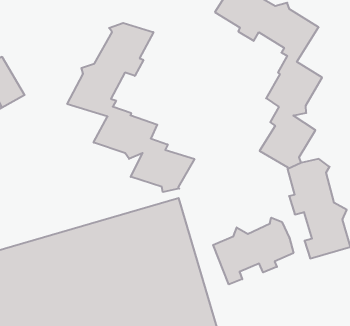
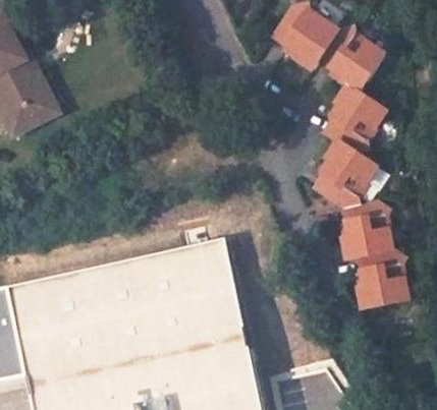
building: [67,23,194,192] -> none
building: [213,218,293,284] -> none

